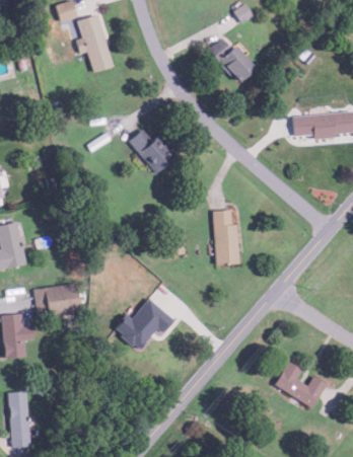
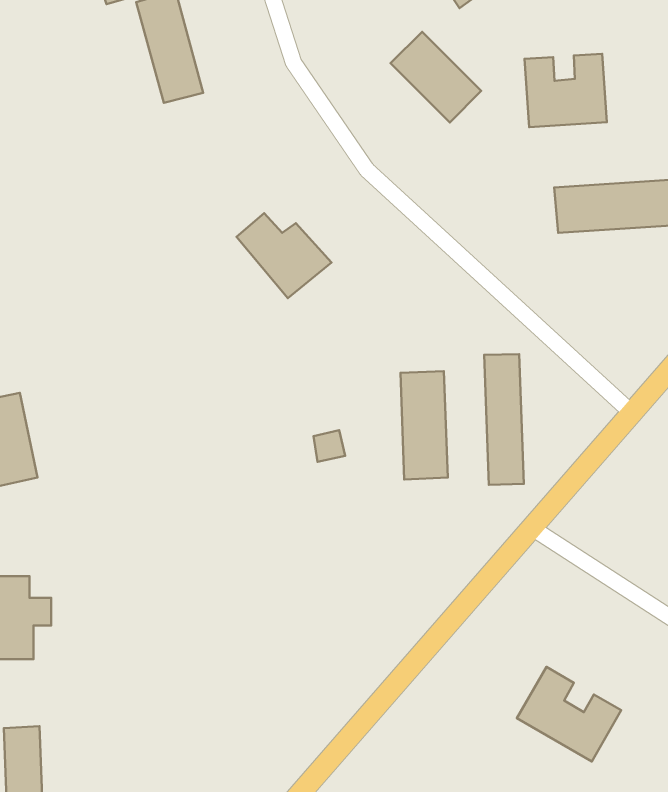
building: none -> [525,54,607,127]
building: none -> [484,354,524,485]
building: [34,283,79,317] -> none
building: [115,297,175,350] -> none

